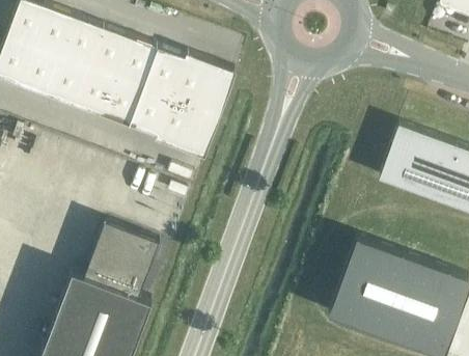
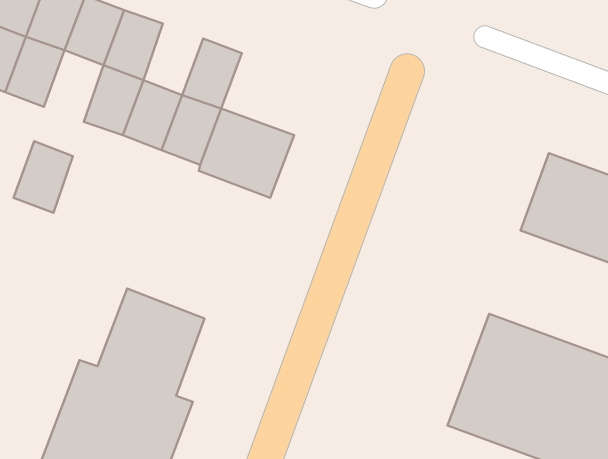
building: [116,37,158,87] -> none
building: [170,54,237,115] -> none
building: [47,56,88,106] -> [13,141,73,213]

